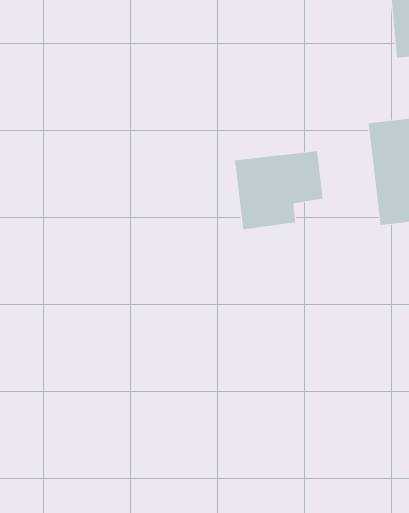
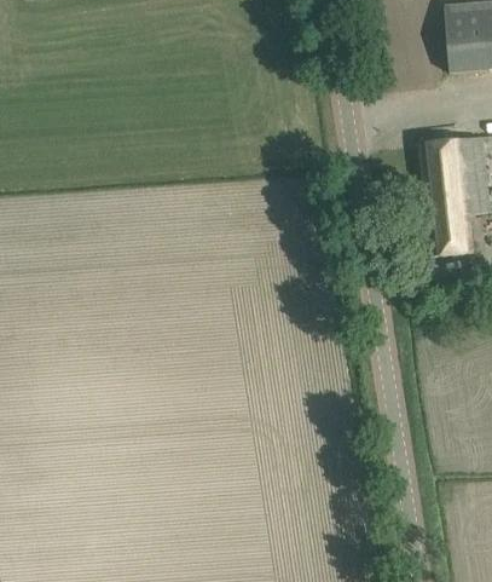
building: [235,151,323,230] -> none

